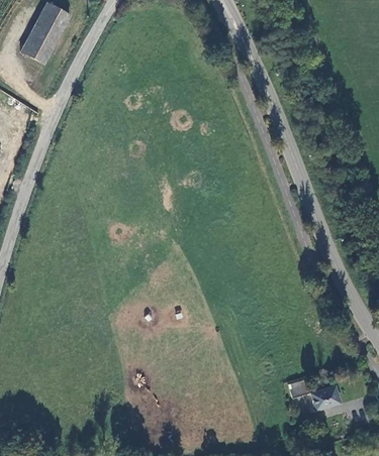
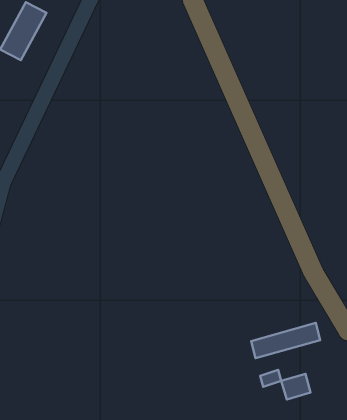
building: none -> [251,323,320,358]

